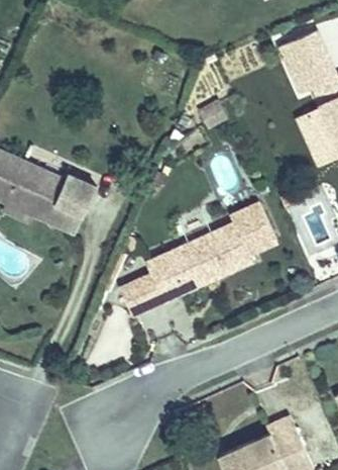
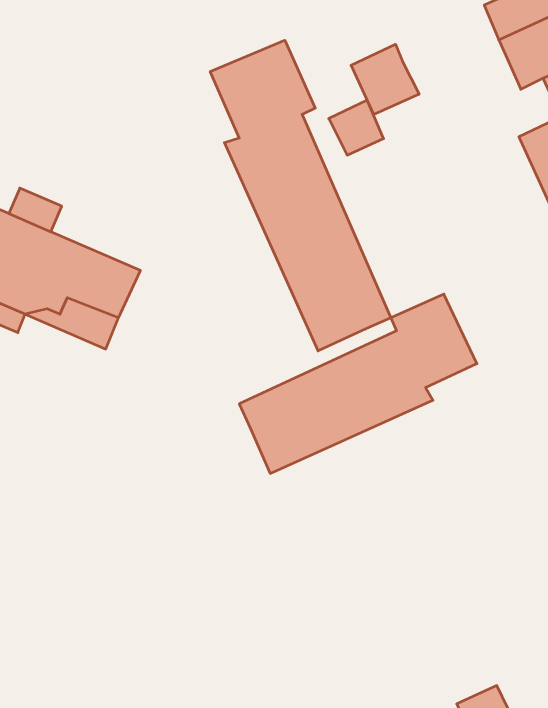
building: none -> [210,40,391,351]
building: none -> [351,44,419,114]
building: [125,276,163,314] -> none

